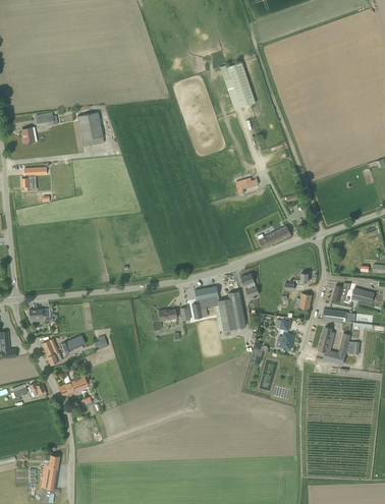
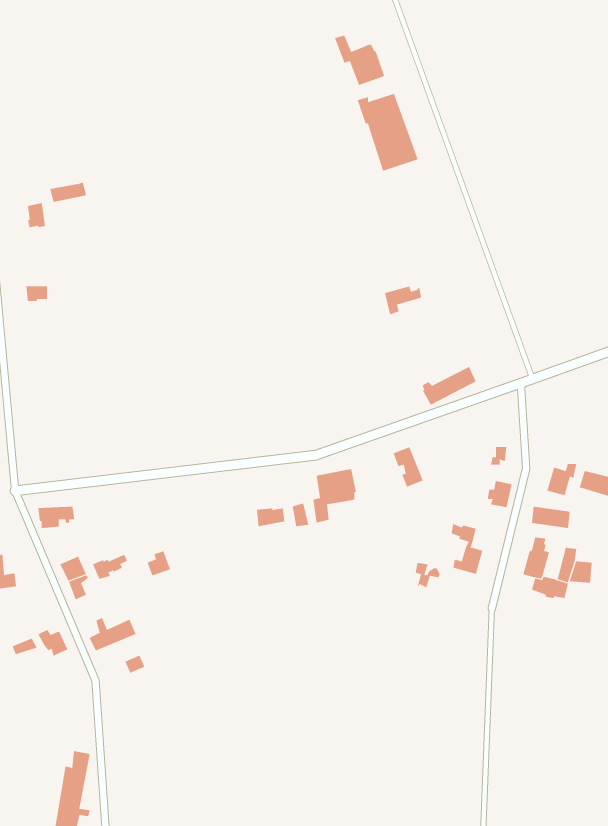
building: none -> [334,35,385,86]
building: [77,112,104,147] -> none
building: [213,290,245,331] -> none

